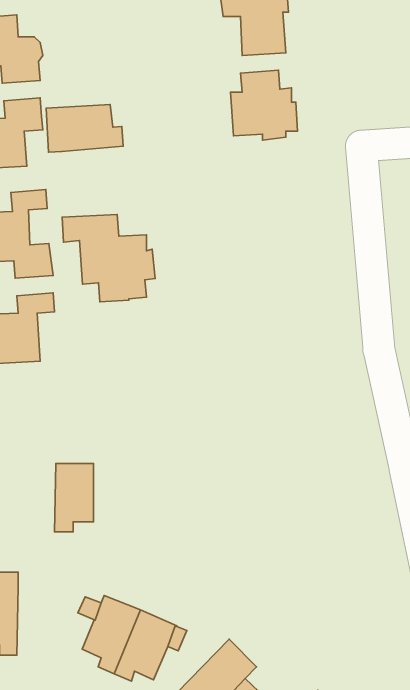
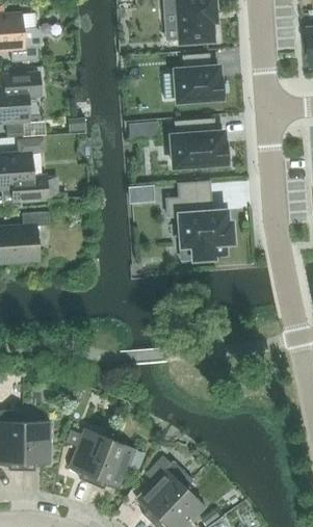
building: [46,104,123,152] -> none
building: none -> [172,118,228,167]
building: [62,214,155,302] -> [166,195,233,258]
building: [54,464,94,532] -> [22,422,50,471]

